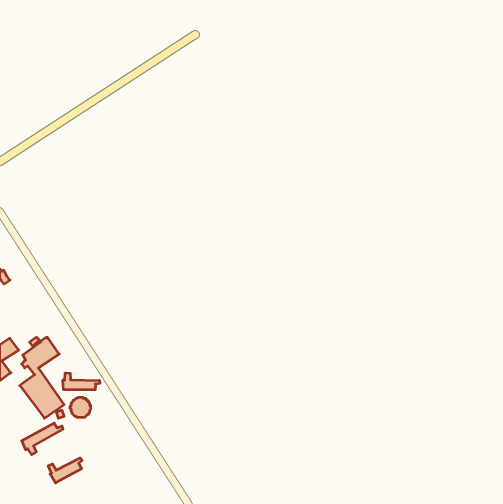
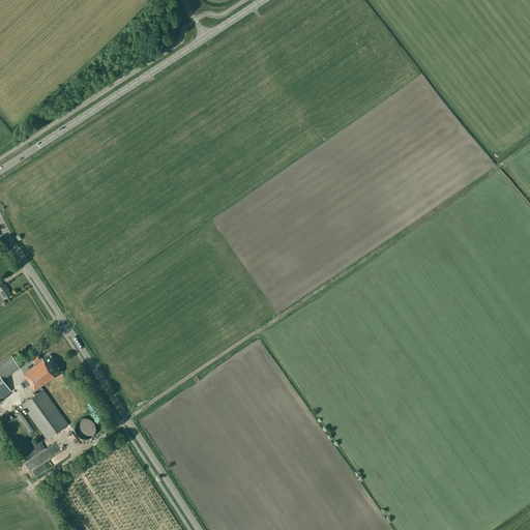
building: [63,373,100,390] -> none
building: [48,458,82,483] -> none

